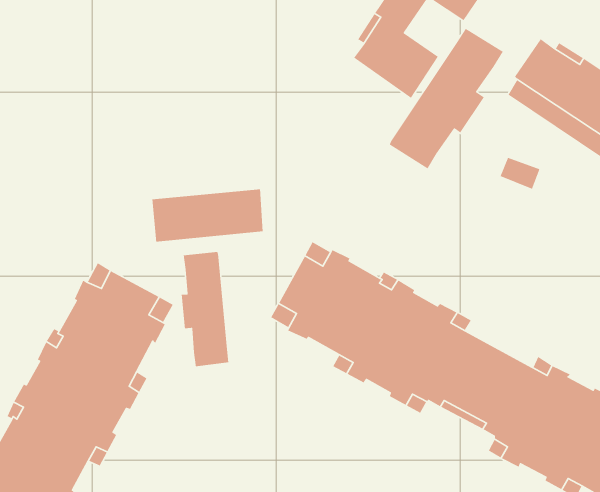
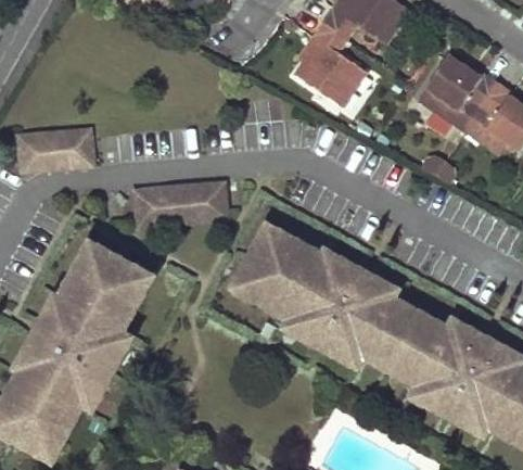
building: [389,28,504,170] -> none
building: none -> [16,127,91,170]
building: [181,251,229,367] -> none

